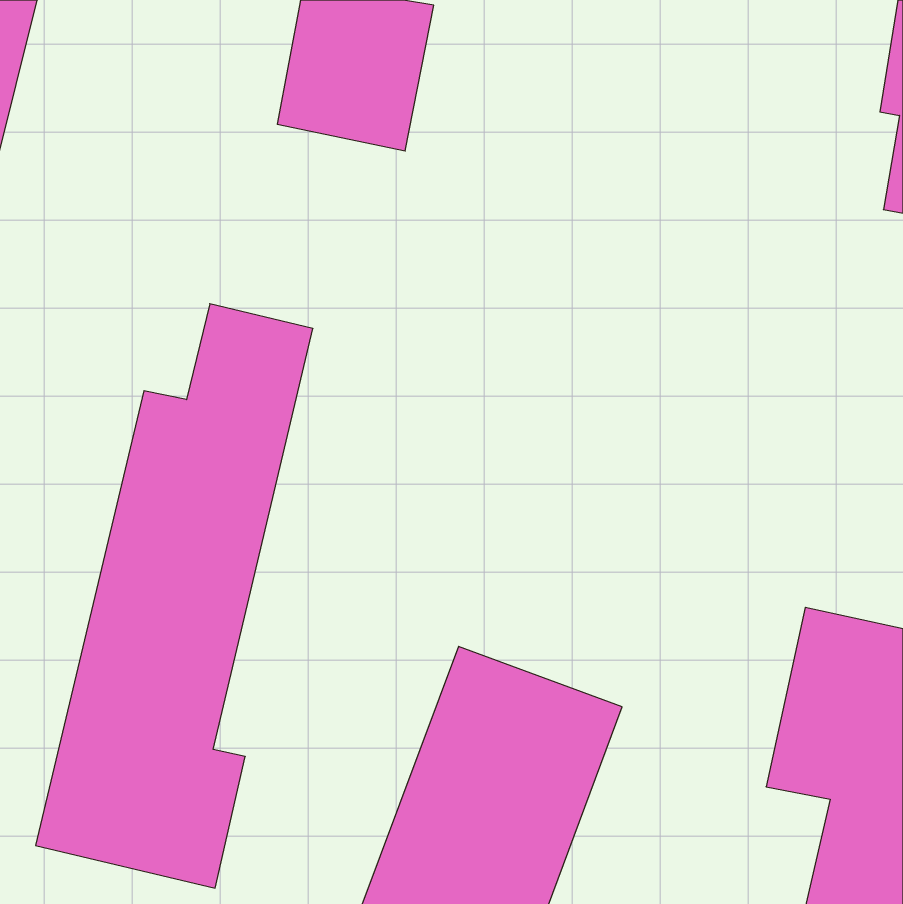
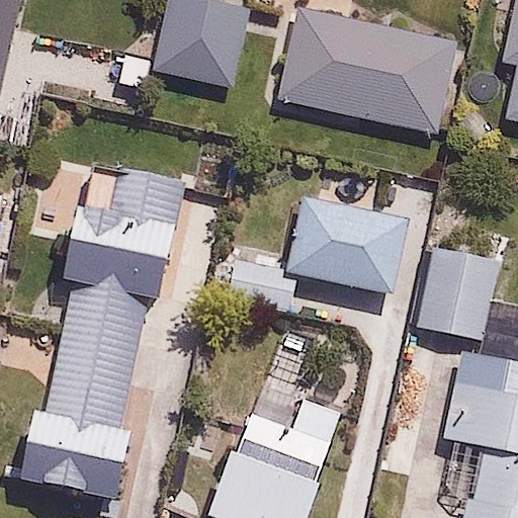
building: none -> [285,7,453,131]
building: none -> [212,197,410,314]
building: none -> [416,242,503,342]

